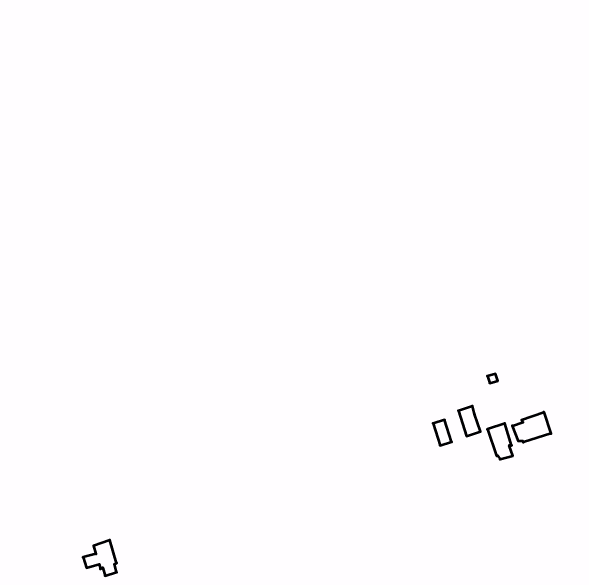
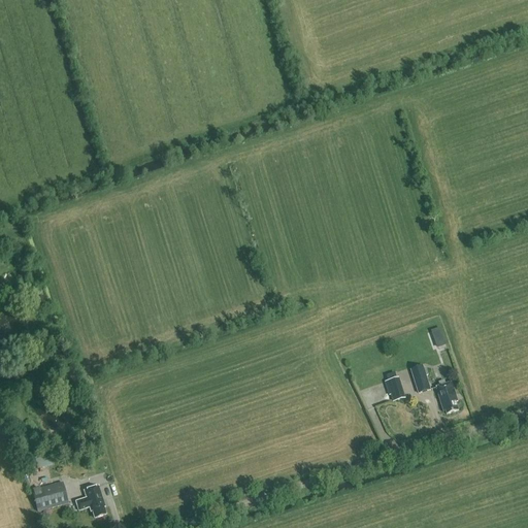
building: [512,412,551,442] -> none
building: none -> [32,480,67,508]

